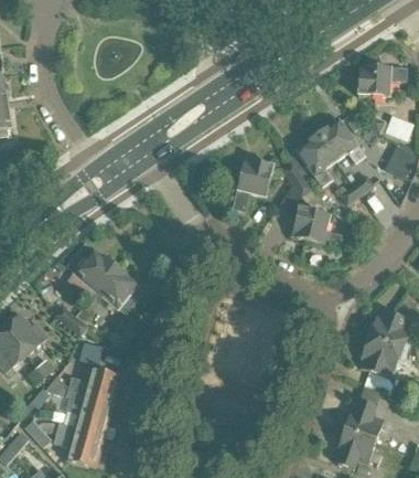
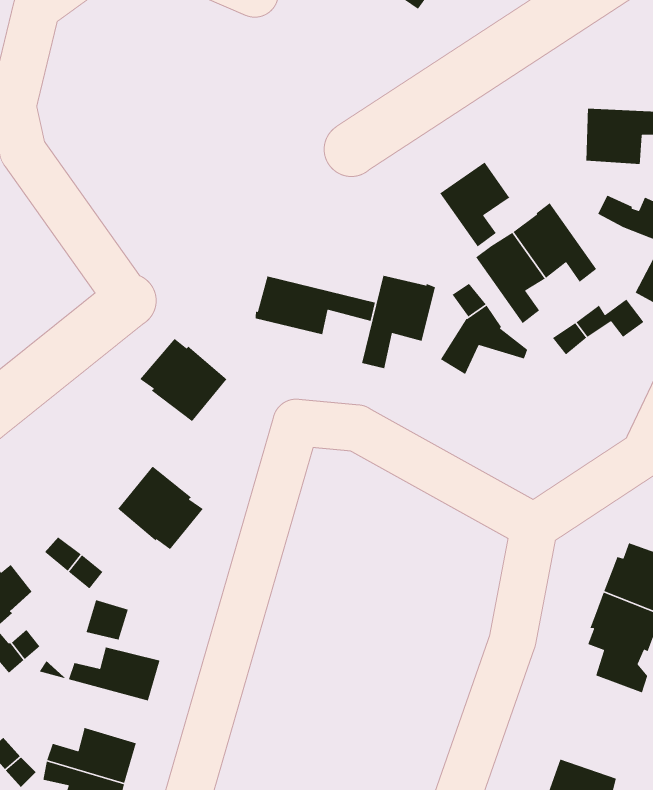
building: none -> [439,161,510,247]
building: none -> [255,276,376,335]
building: [291,206,341,247] -> none
building: [65,243,115,290] -> [139,338,228,422]
building: [44,382,112,422] -> none
building: [343,387,384,442] -> none

